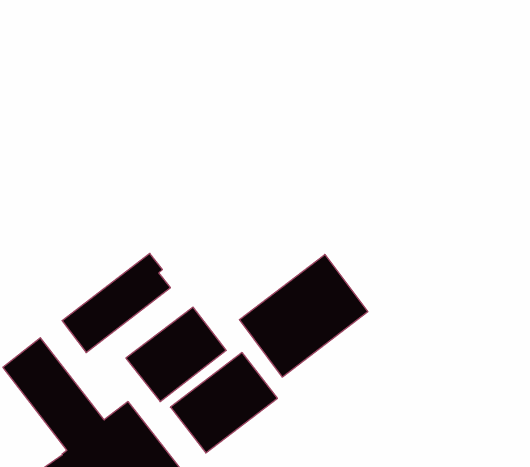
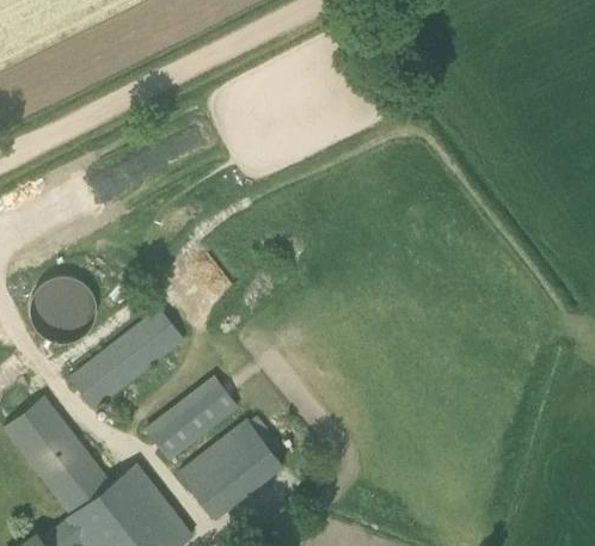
building: none -> [30,277,97,344]
building: [239,254,368,377] -> none

